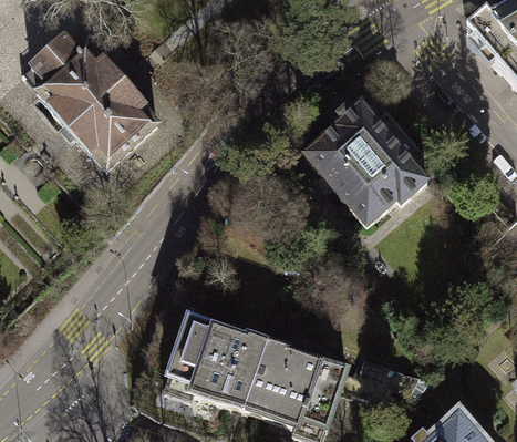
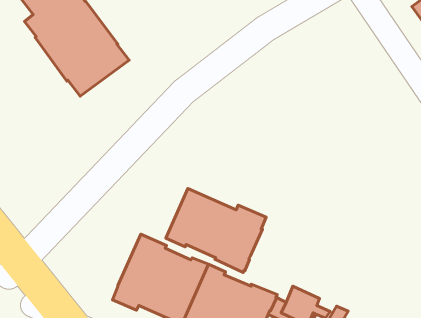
building: [304,100,427,223] -> none
building: none -> [166,189,266,272]

